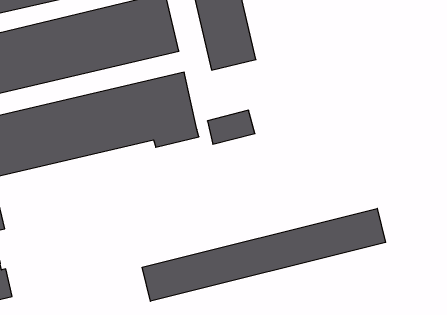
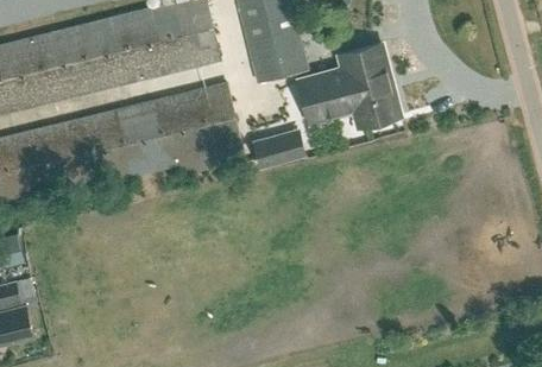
building: none -> [295,43,398,127]
building: [142,208,386,301] -> none

